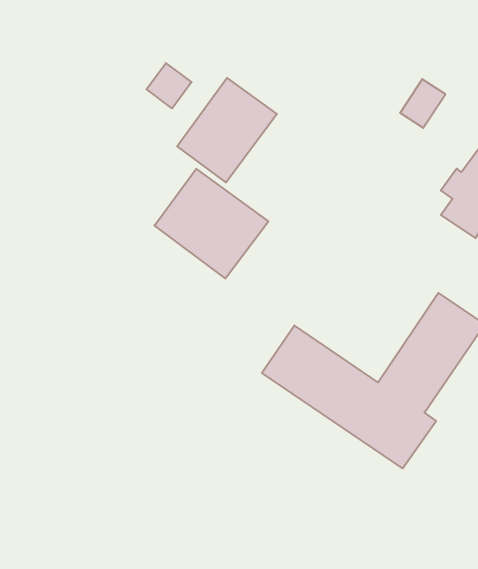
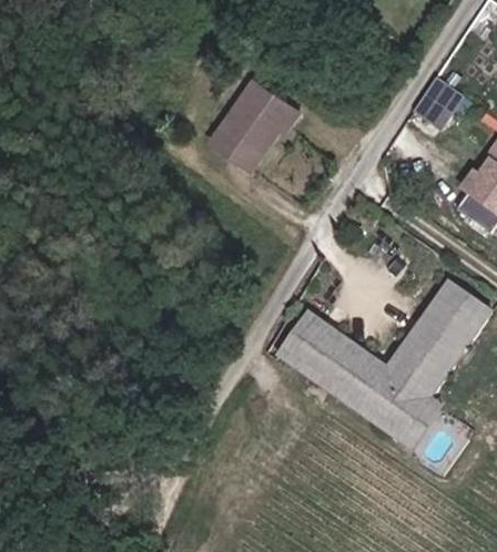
building: [146,63,192,108] -> none
building: [154,169,268,279] -> none

